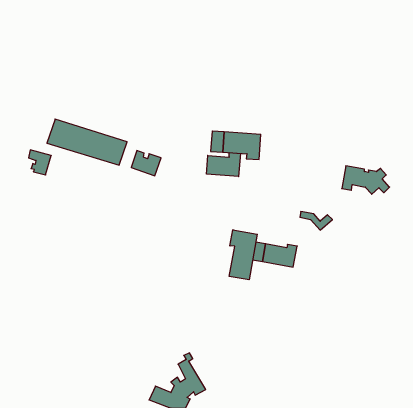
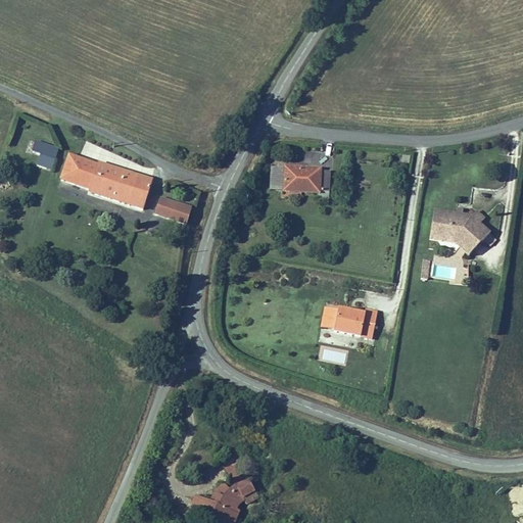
building: [29,150,51,175] -> [31,139,59,171]
building: [207,153,240,177] -> none
building: [300,212,332,230] -> [443,233,484,256]
building: [229,230,257,280] -> none

